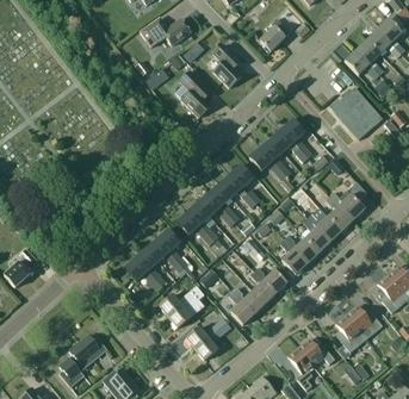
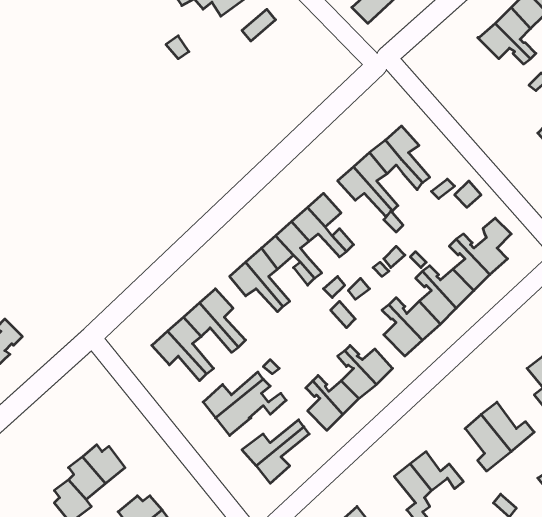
building: [212,44,241,87] -> none
building: [174,70,211,117] -> none
building: [330,87,382,137] -> none

